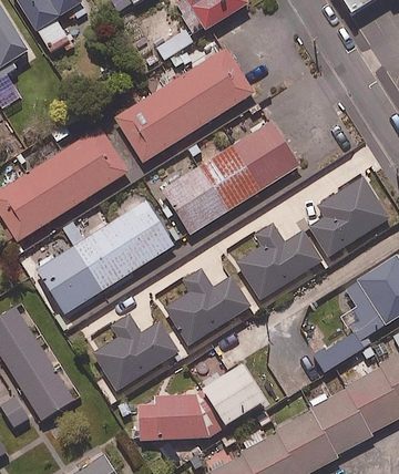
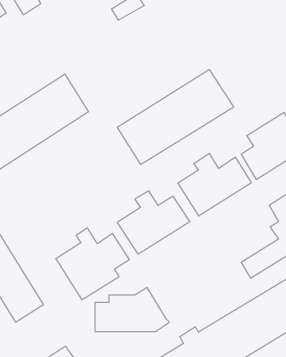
building: [117,51,256,165] -> none
building: [37,203,176,329] -> none
building: [200,359,260,421] -> none

